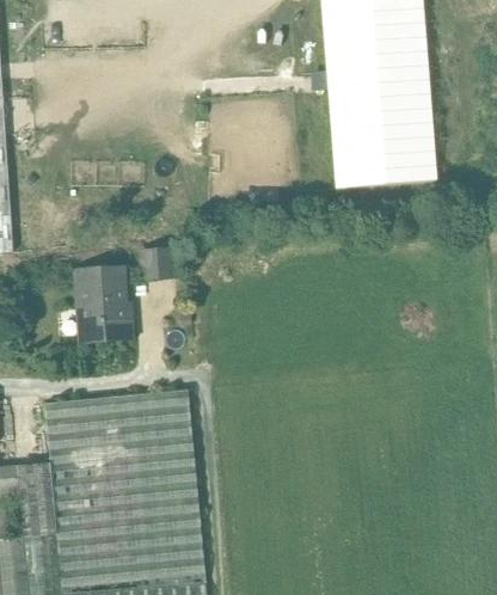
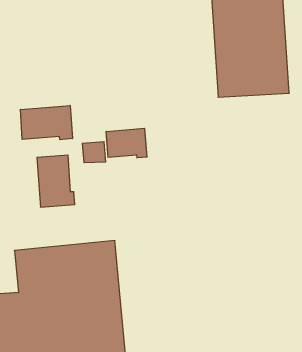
building: none -> [20,105,73,140]
building: none -> [106,128,147,158]

